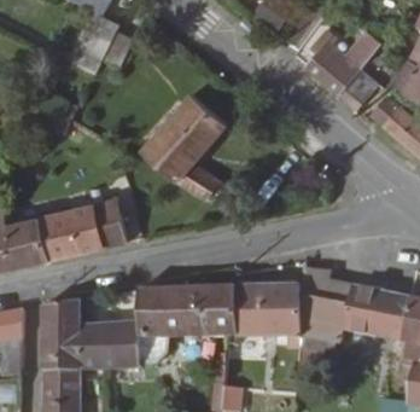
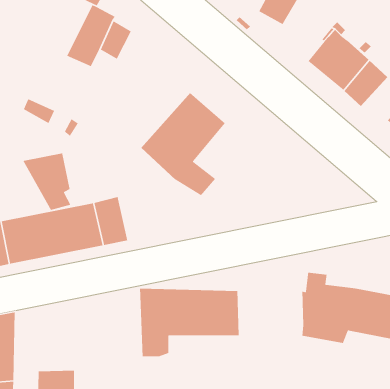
building: none -> [22,152,72,211]
building: [238,289,301,343] -> none
building: [42,300,144,367] -> none

